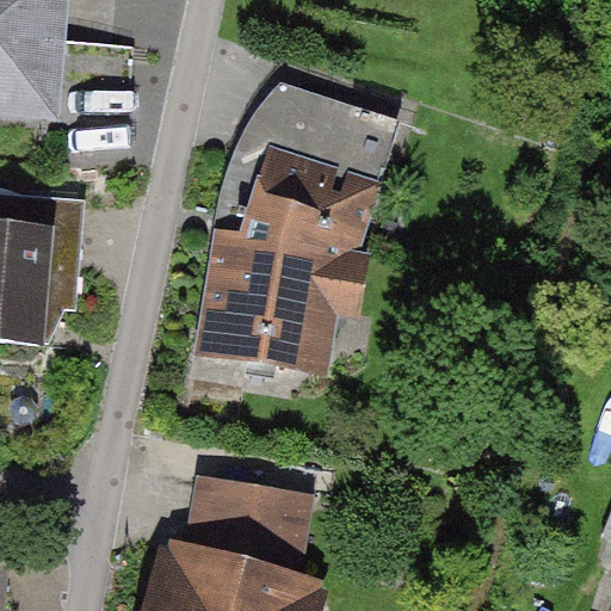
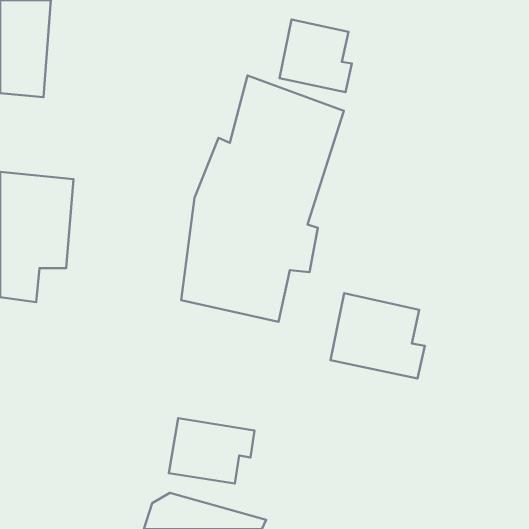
building: none -> [279,20,352,92]
building: none -> [331,293,425,378]

